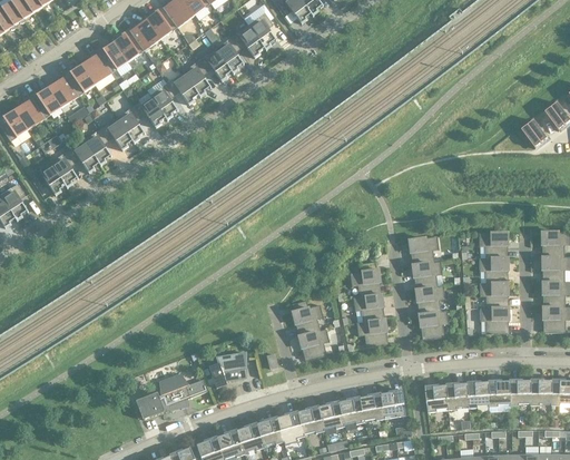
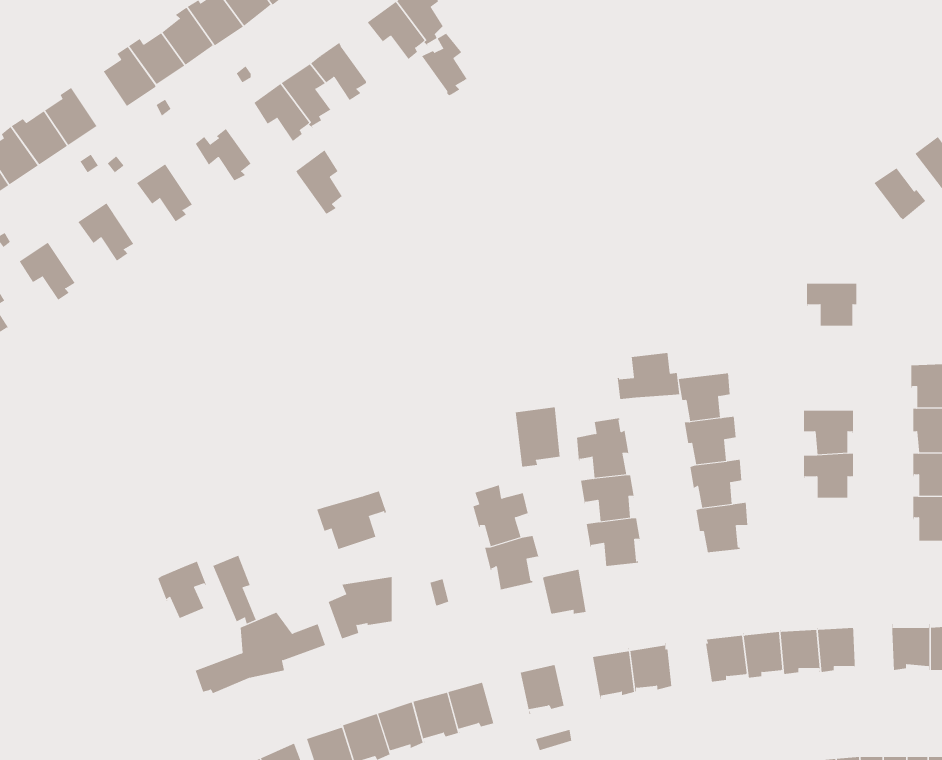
building: [216,37,243,74] -> [421,33,468,97]
building: [62,65,94,97] -> none
building: [149,82,177,120] -> [295,149,344,216]
building: [116,106,144,143] -> none
building: [82,128,110,166] -> none
building: [49,150,77,188] -> none
building: none -> [617,352,680,400]
building: [478,233,507,257] -> [806,283,857,326]
building: none -> [515,406,560,468]
building: none -> [317,490,387,550]
building: [479,307,508,333] -> none
building: none -> [213,555,257,625]
building: none -> [157,561,206,619]
building: [508,379,530,405] -> none
building: [337,397,363,425] -> [542,567,587,618]
building: [296,405,323,435] -> none

